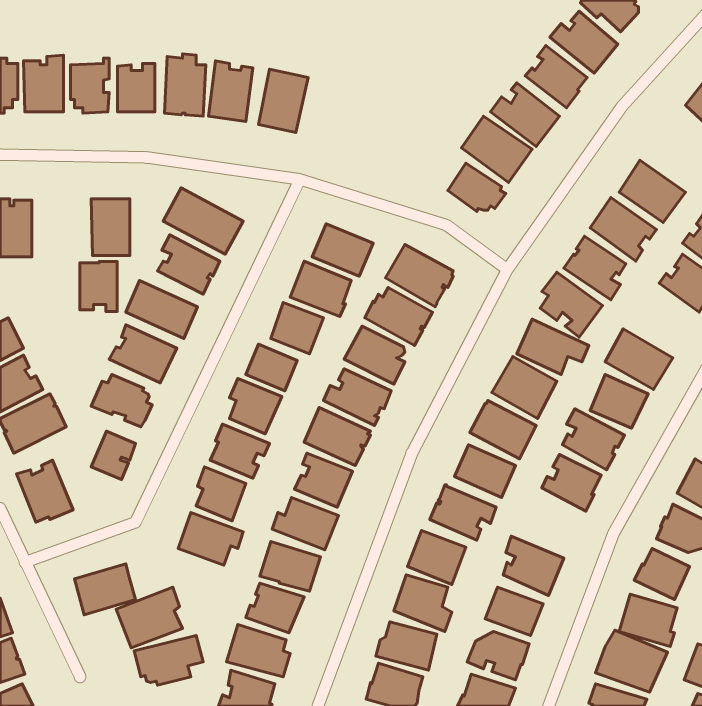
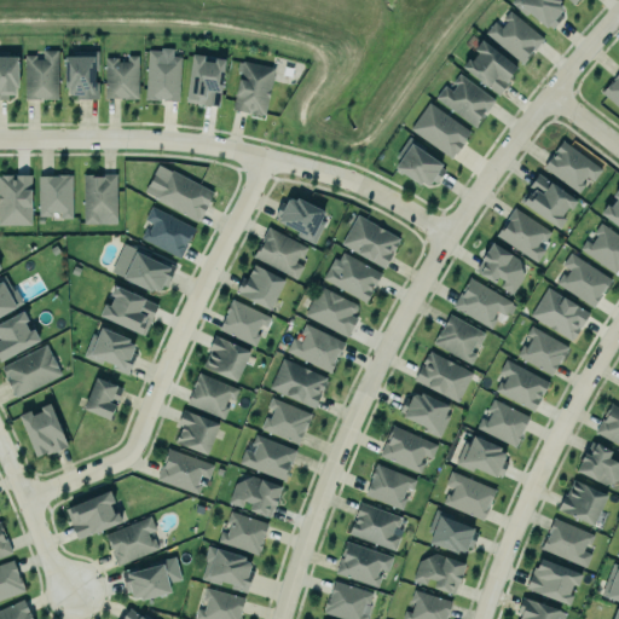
building: [80,262,117,311] -> [40,174,73,218]
building: none -> [557,251,613,307]
building: none -> [456,435,509,478]

